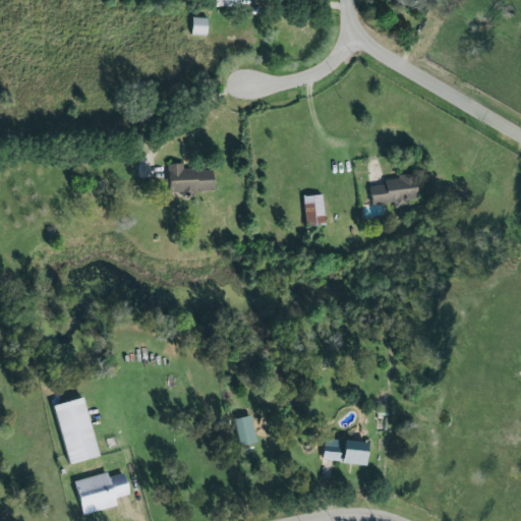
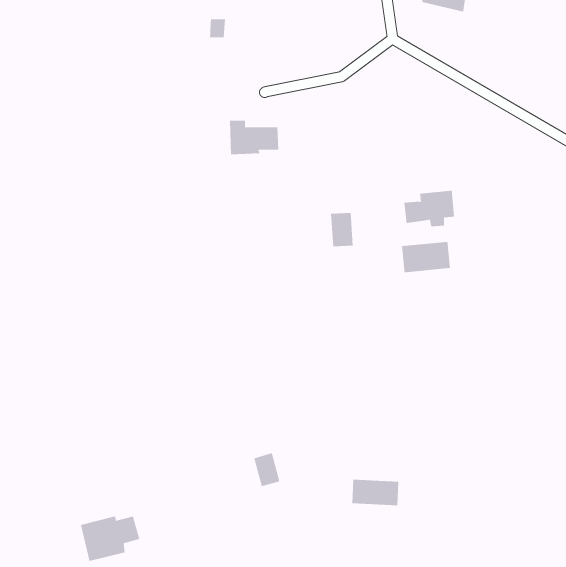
building: [169,163,215,194] -> [229,120,279,155]
building: none -> [401,241,450,273]
building: [54,397,100,464] -> none

